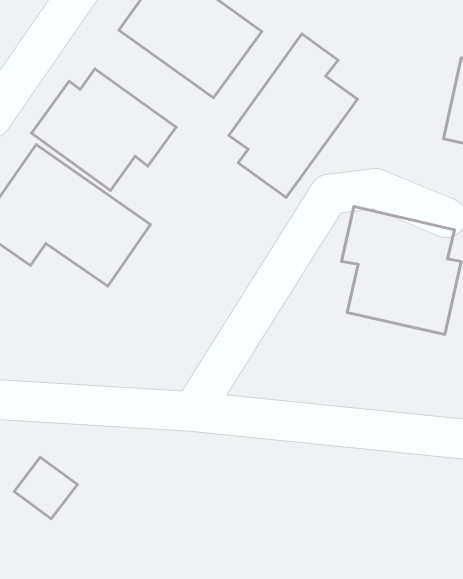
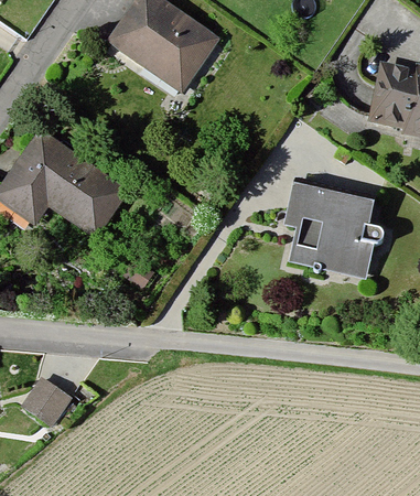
building: [229,34,357,197] -> none
building: [32,69,176,190] -> none

